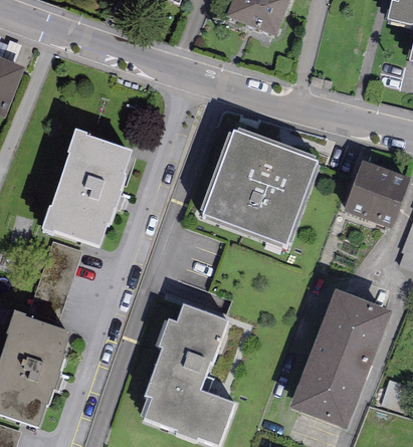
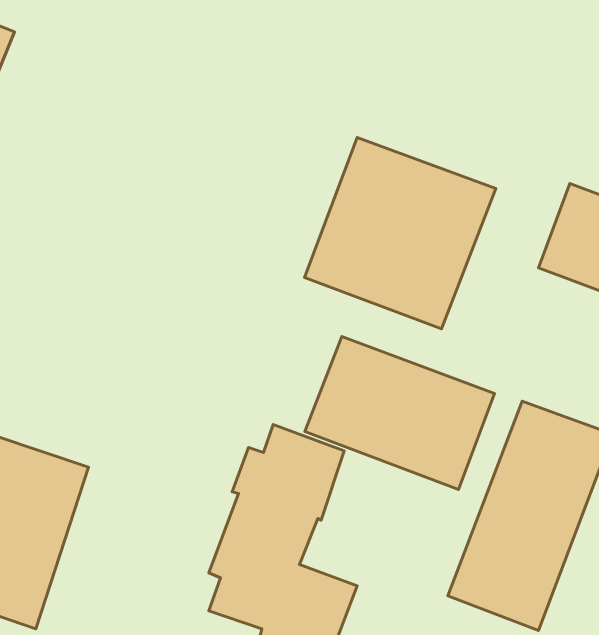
building: [42,131,133,247] -> none
building: none -> [305,336,494,490]

